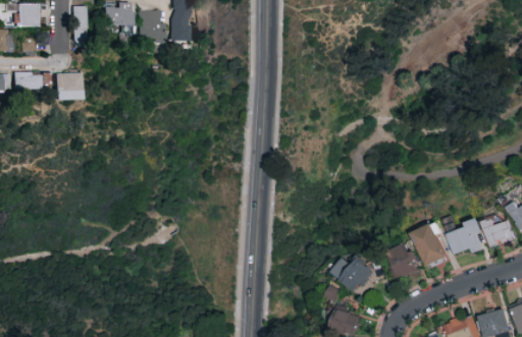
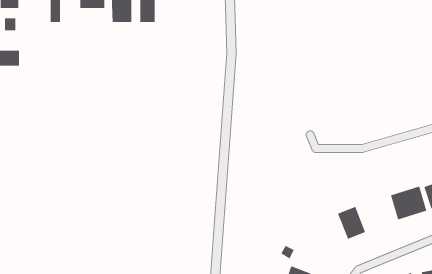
building: [54,72,80,99] -> none
building: [413,223,447,267] -> none
building: [340,258,374,293] -> none

